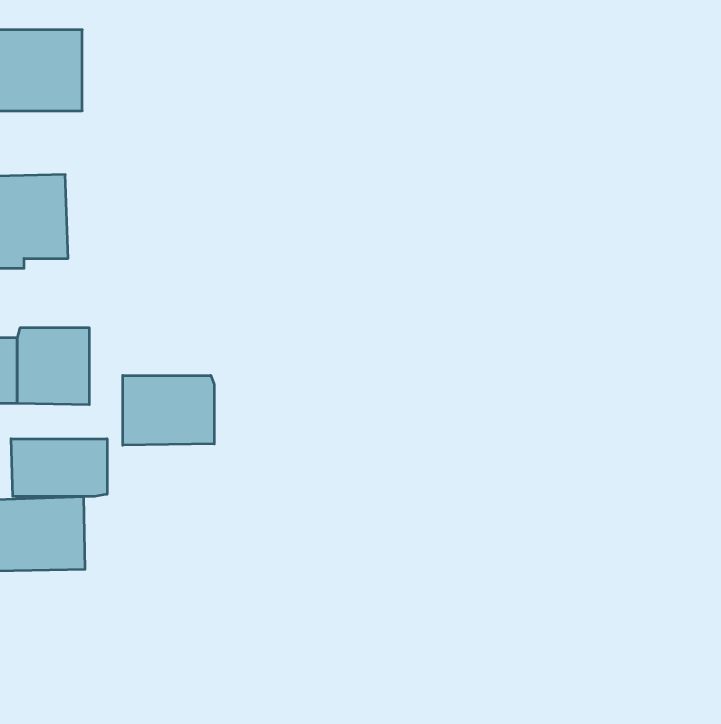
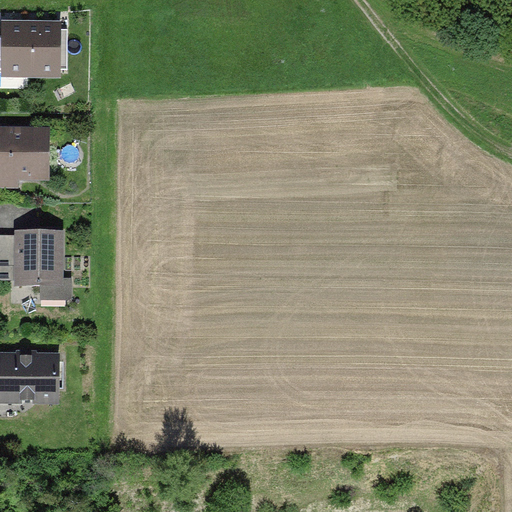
building: [123,375,214,445] -> none
building: [11,439,107,496] -> none

